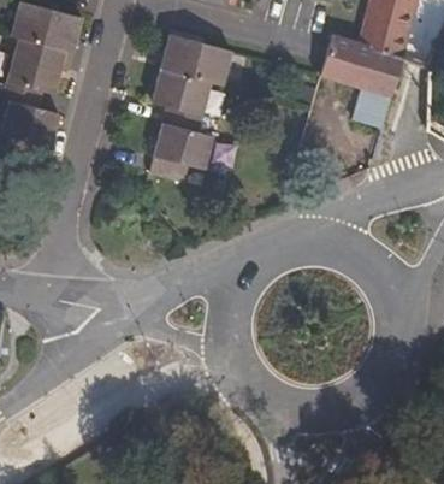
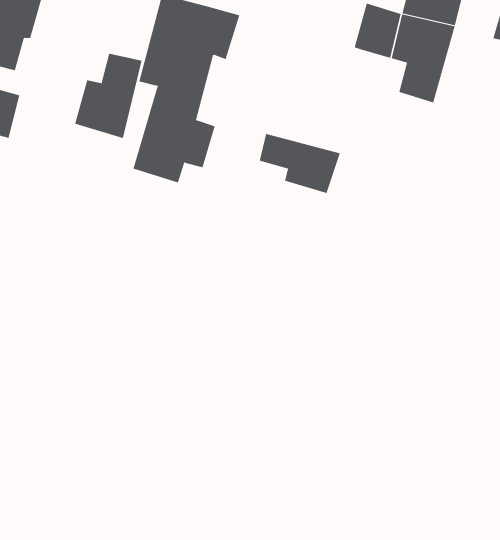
building: none -> [74,53,142,139]
building: none -> [259,133,340,194]

